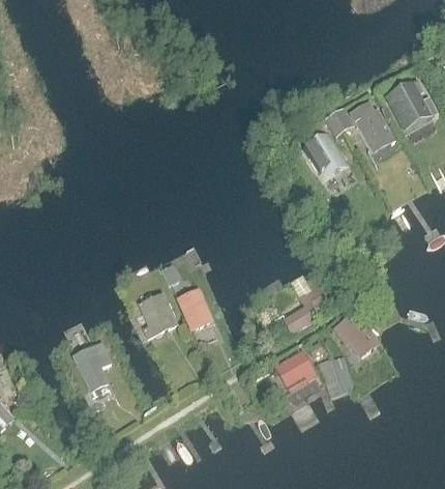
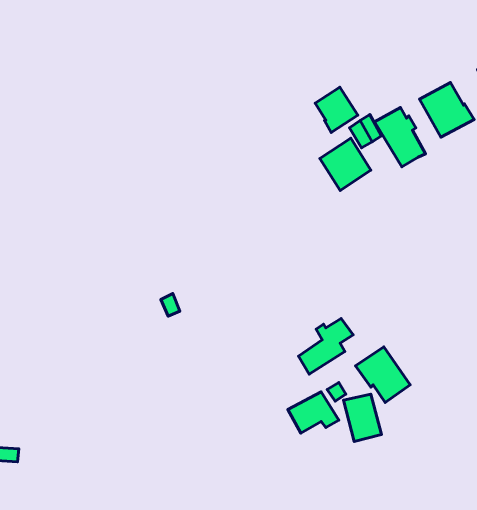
building: none -> [315,87,358,133]
building: [175,287,212,330] -> none
building: [139,292,176,337] -> none
building: [71,343,111,393] -> none

